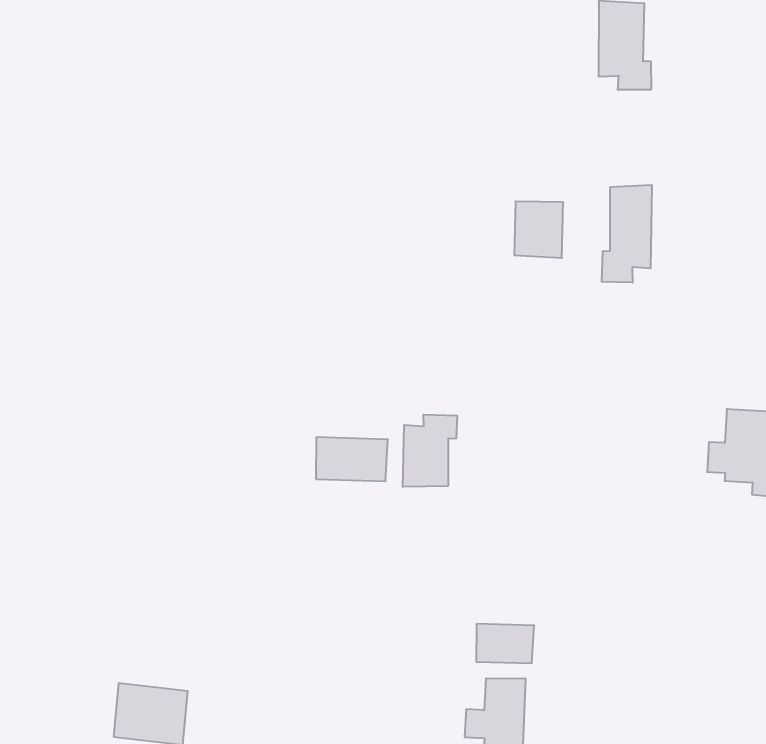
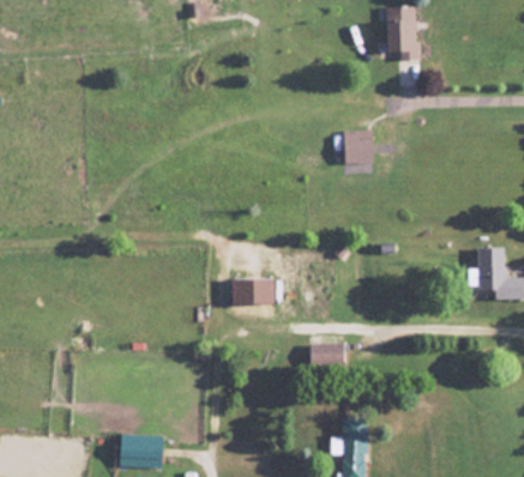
building: [602,185,652,283] -> none
building: [403,415,457,487] -> none
building: [476,624,534,663] -> [309,344,344,368]

